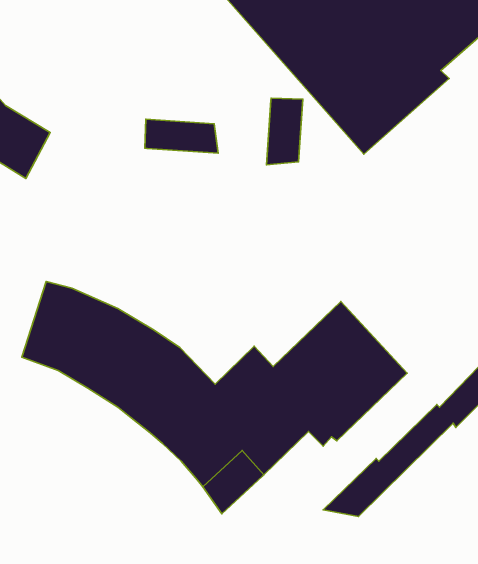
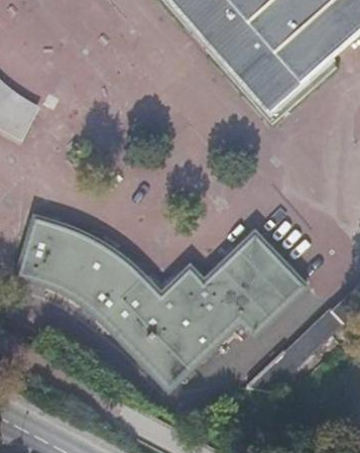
building: [266,98,303,165] -> none
building: [145,119,218,153] -> none

